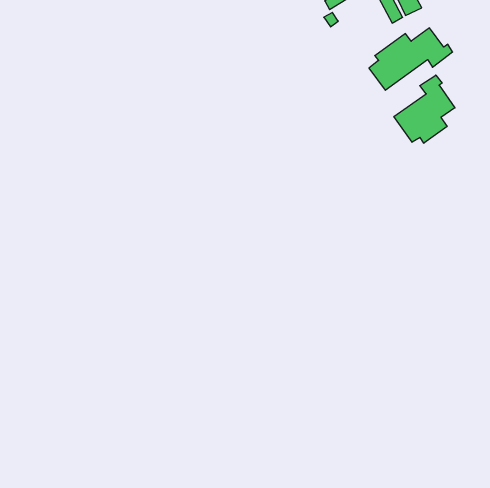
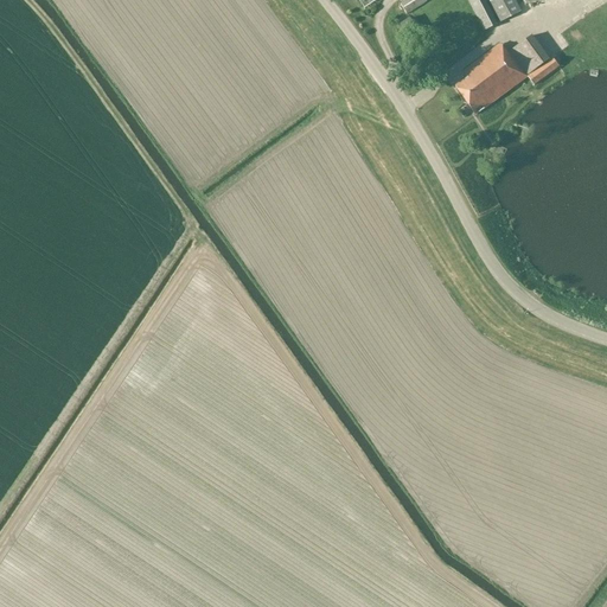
building: [394,75,455,143] -> none

